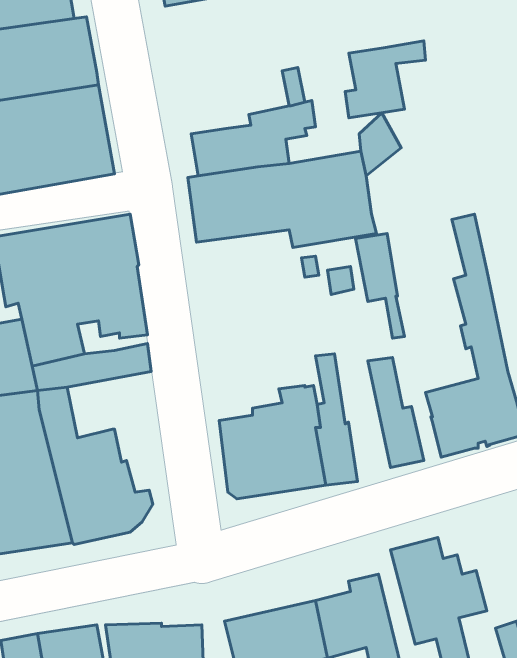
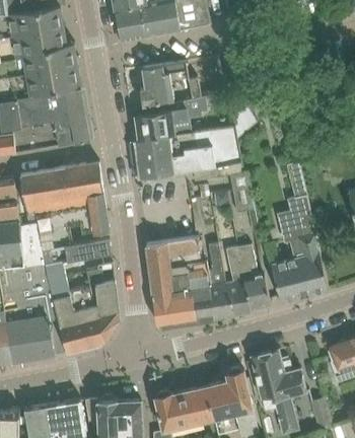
building: [345,41,426,118] -> [139,60,186,104]
building: none -> [145,236,200,281]
building: none -> [224,246,251,316]
building: none -> [85,269,119,330]

